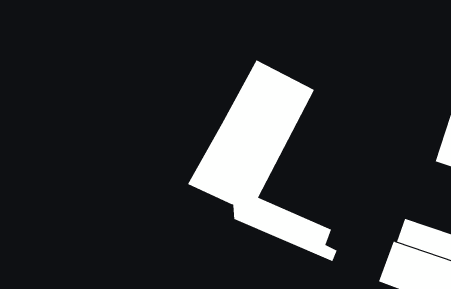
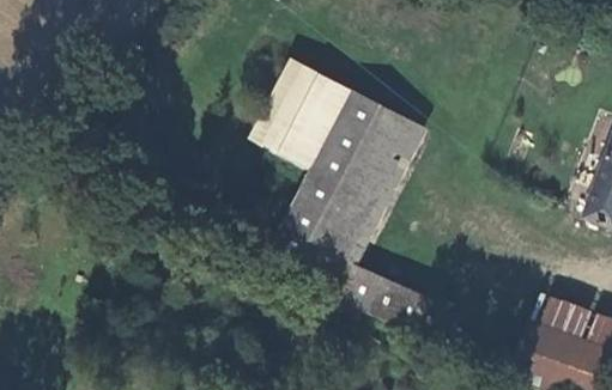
building: none -> [249,57,357,172]

